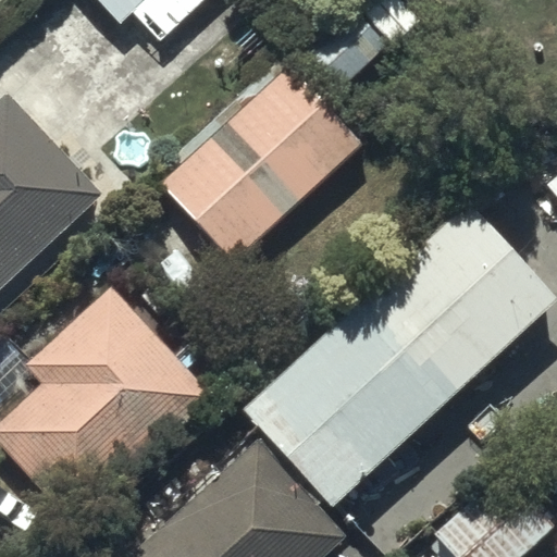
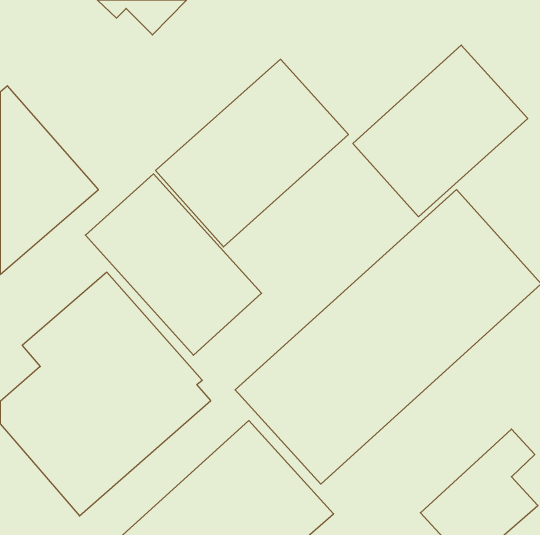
building: none -> [353,45,528,217]
building: none -> [85,174,262,355]

